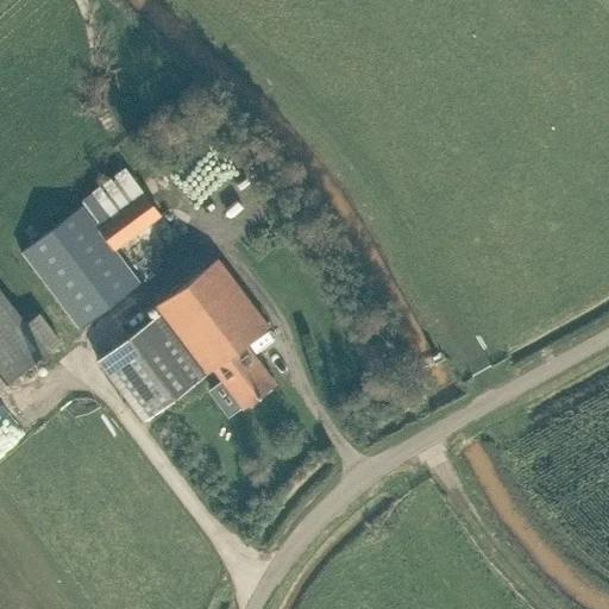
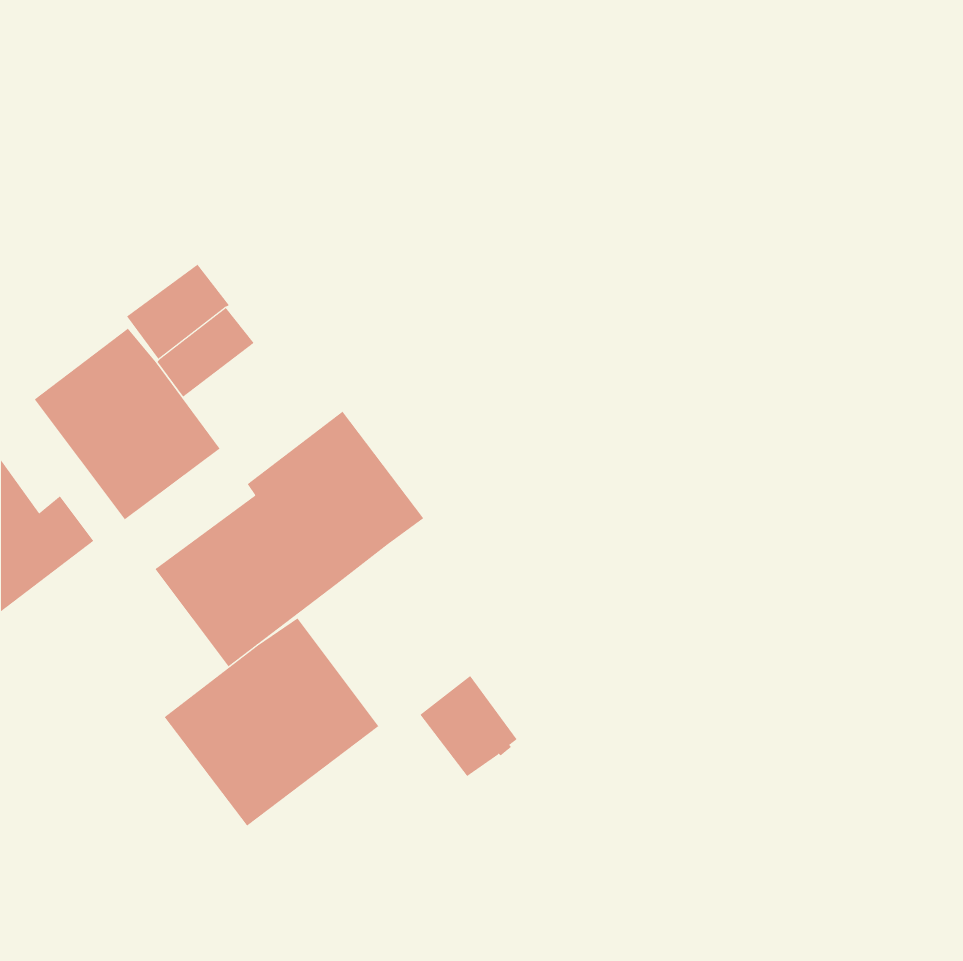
building: [213,345,275,409] -> [420,675,518,777]
building: none -> [164,618,379,826]

